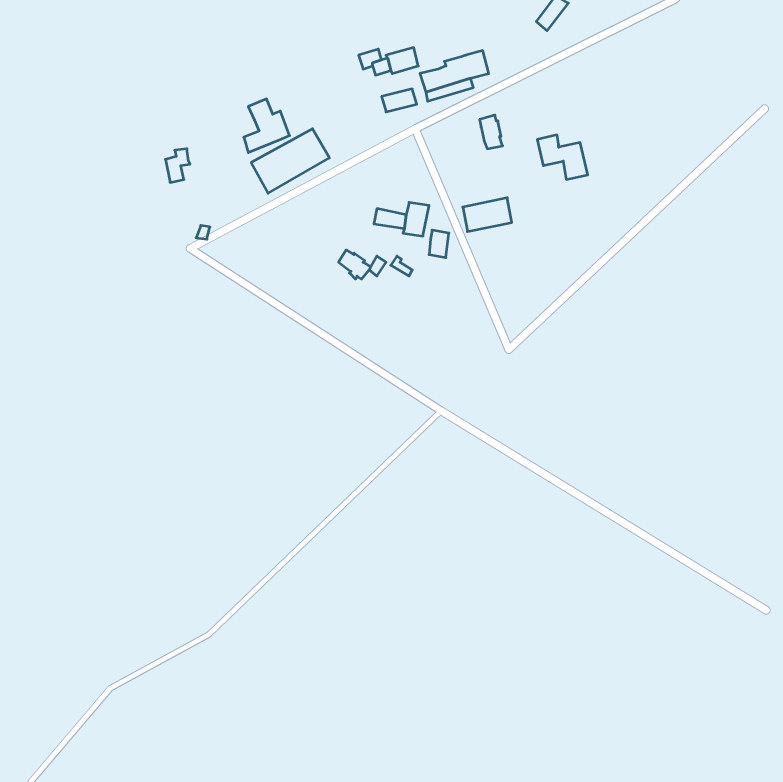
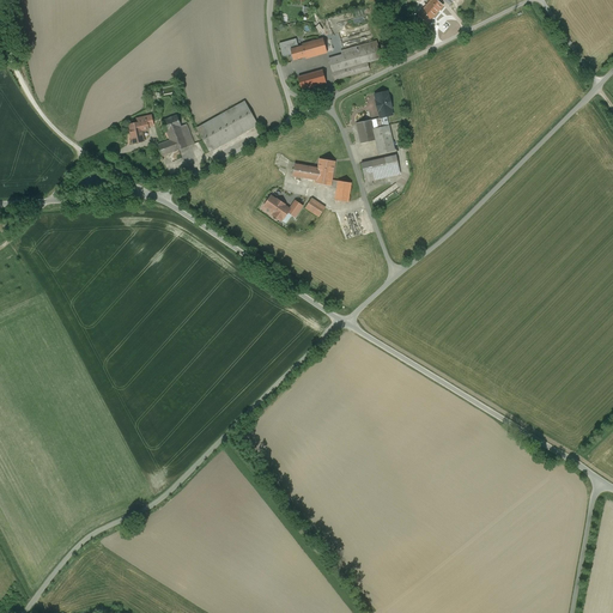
building: [244,99,290,153] -> [158,114,194,156]
building: [537,135,588,179] -> [356,119,395,153]

